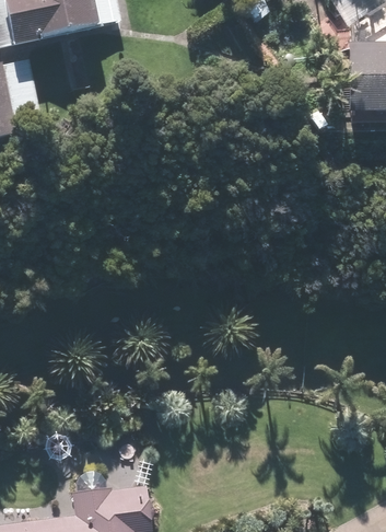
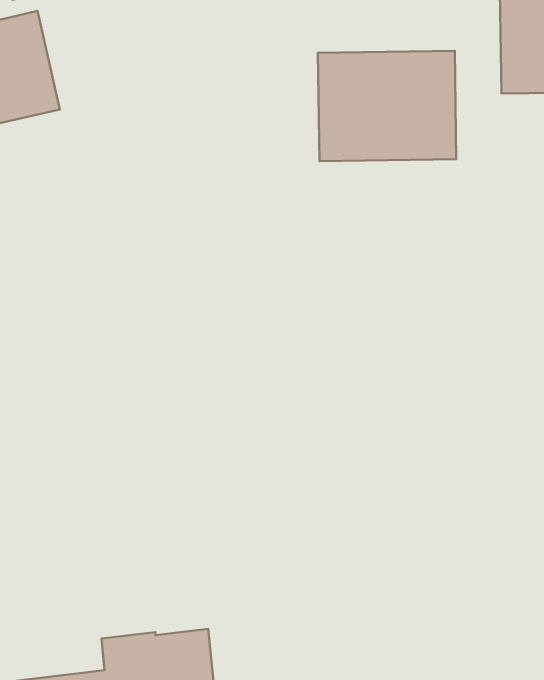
building: none -> [318,51,456,161]

